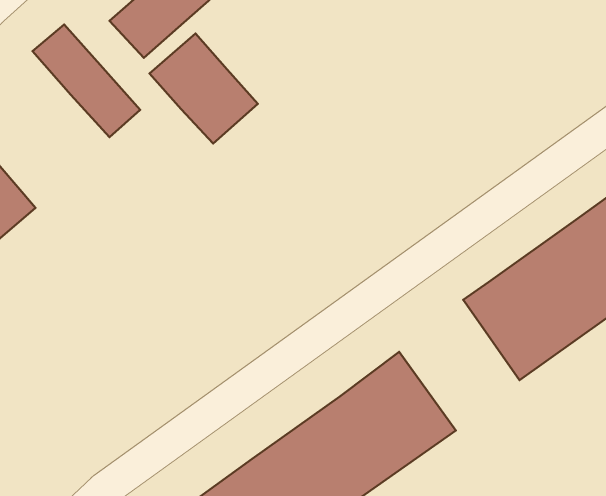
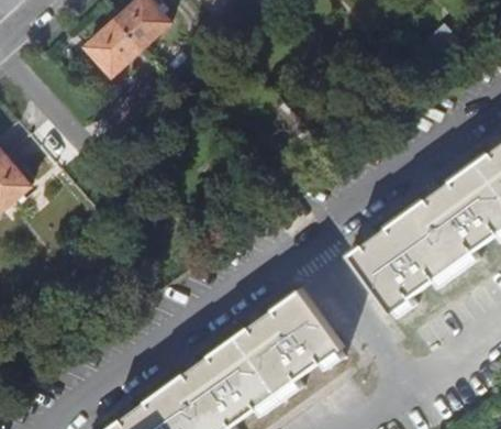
building: [32,24,140,137] -> none
building: [149,34,258,144] -> none

